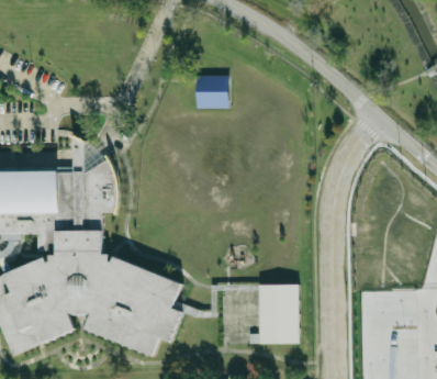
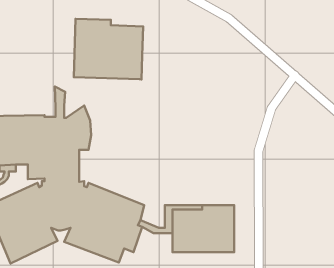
building: none -> [74,19,143,79]
building: [195,74,228,107] -> none

